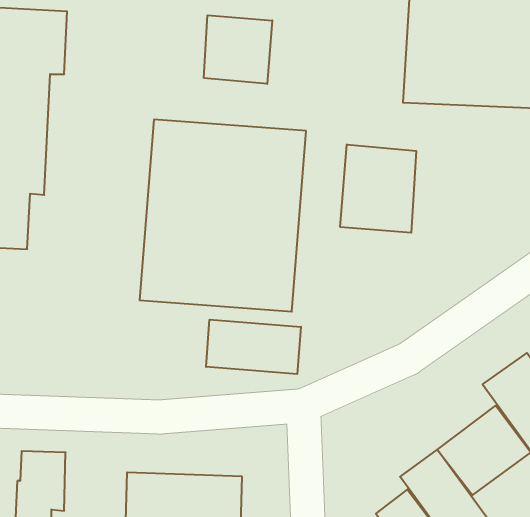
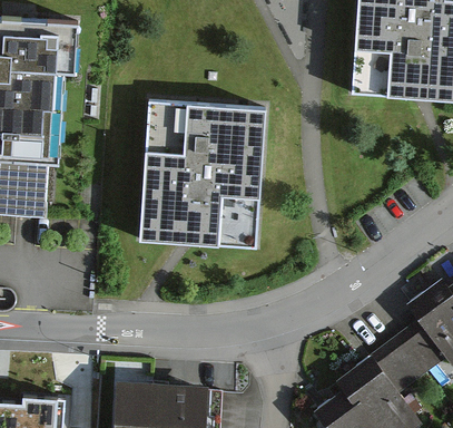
building: [204,15,272,84] -> none
building: [340,144,416,233] -> none
building: [206,320,301,374] -> none

